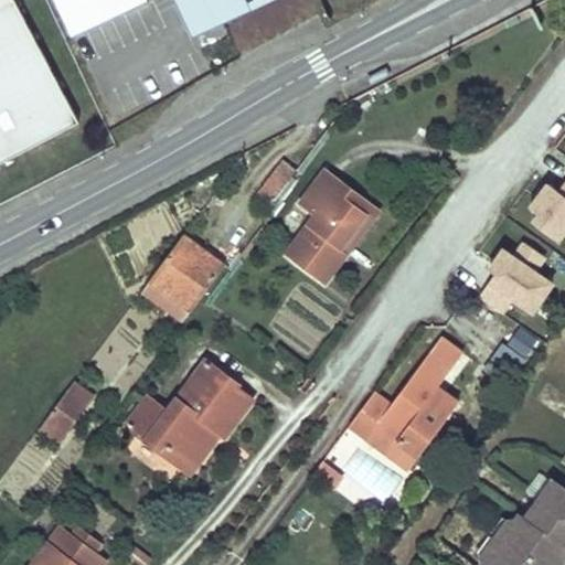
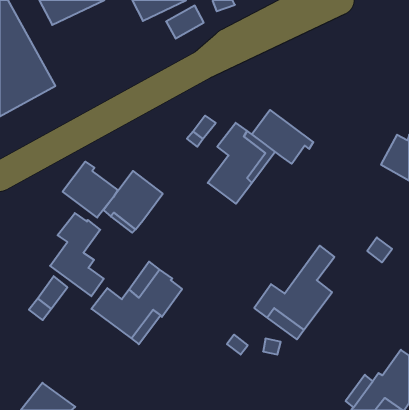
building: none -> [252,110,313,164]
building: none -> [63,162,118,218]
building: [476,255,556,321] -> none
building: none -> [50,213,104,296]

